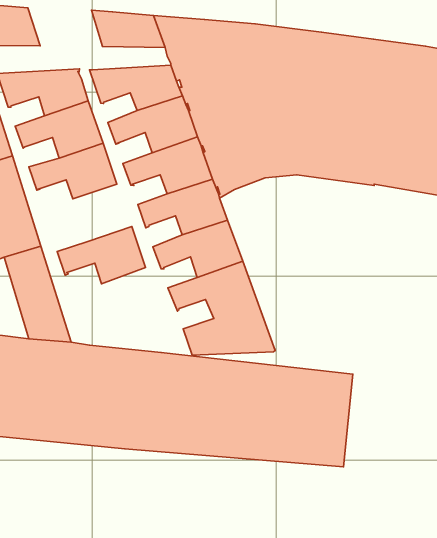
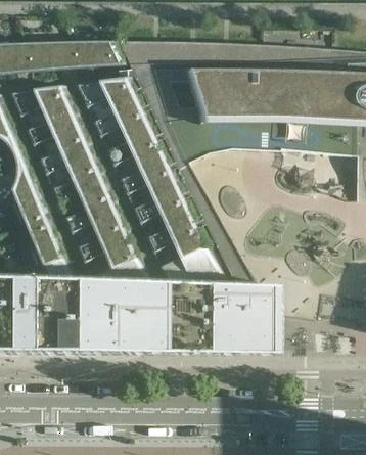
building: none -> [22,41,79,70]
building: none -> [46,165,110,208]
building: none -> [72,223,147,283]

